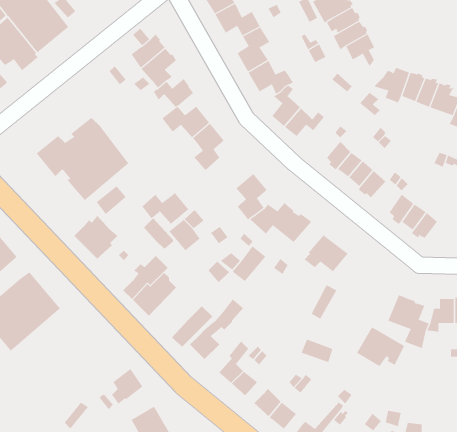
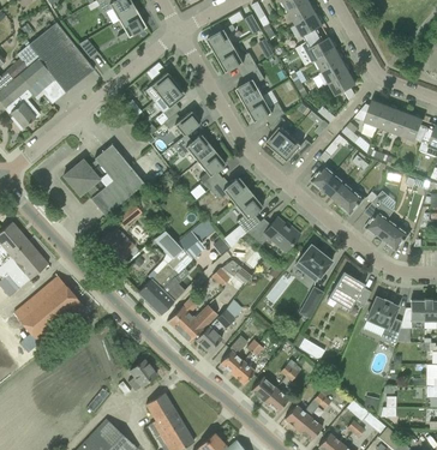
building: [142,193,189,225] -> [210,178,251,205]
building: none -> [167,296,199,334]
building: [356,326,405,367] -> [329,275,371,310]

